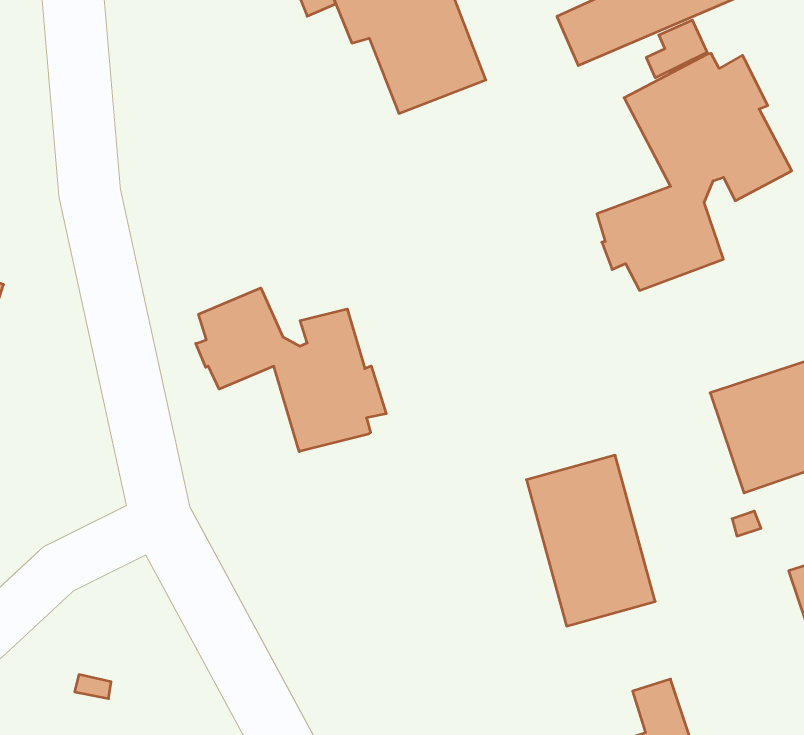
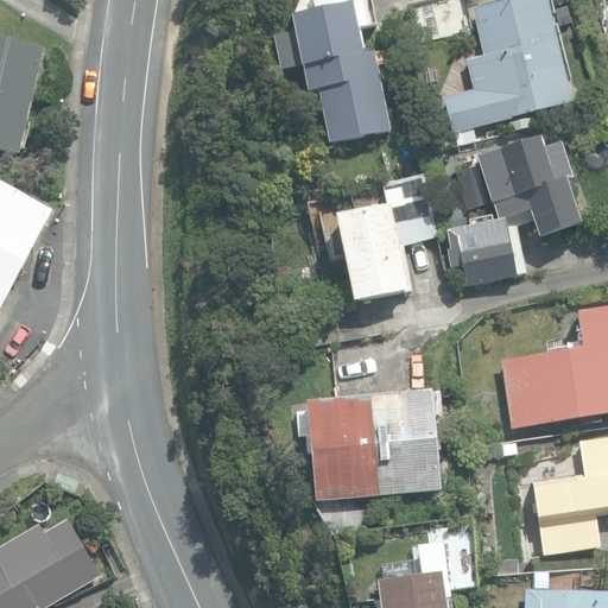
building: none -> [336,172,437,302]
building: [196,288,386,452] -> none
building: none -> [308,394,381,499]

